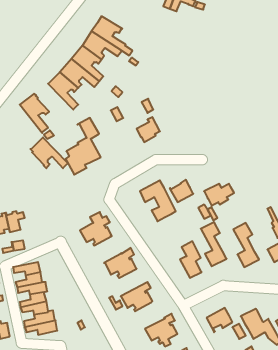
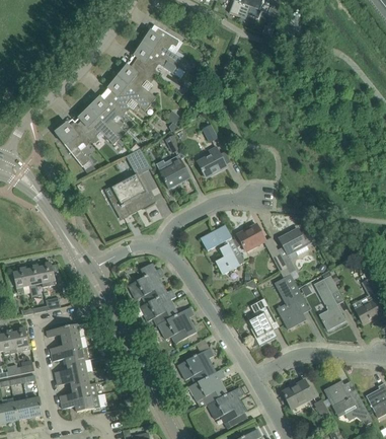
building: none -> [156,157,187,188]
building: [30,137,68,168] -> [73,106,119,144]
building: none -> [139,289,177,324]
building: none -> [187,369,230,408]

